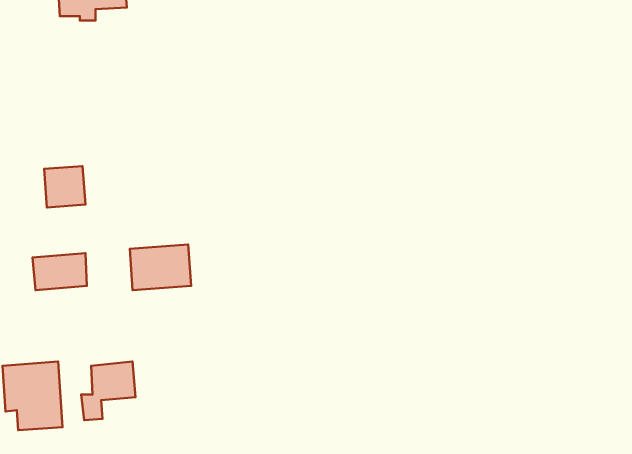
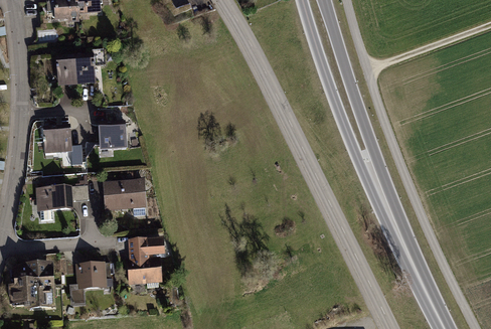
building: none -> [55,48,105,86]
building: none -> [98,119,127,149]
building: none -> [126,235,165,284]

